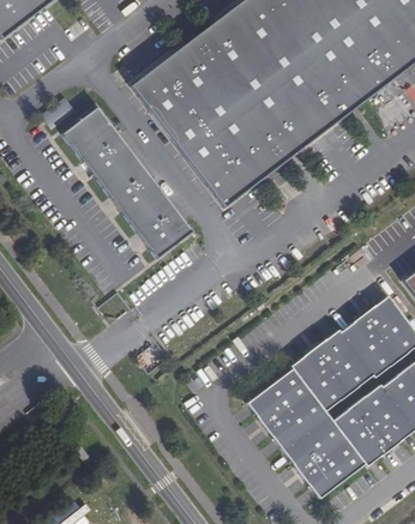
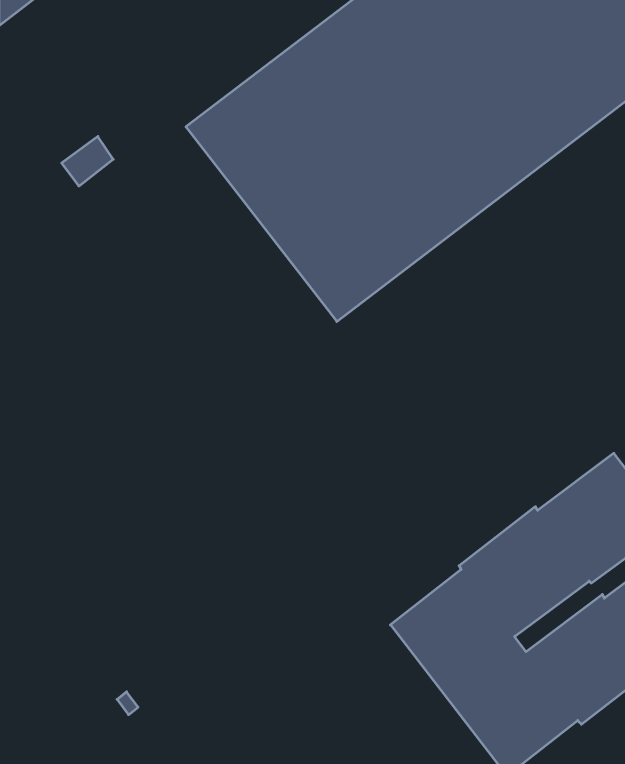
building: [60,104,193,258] -> none

